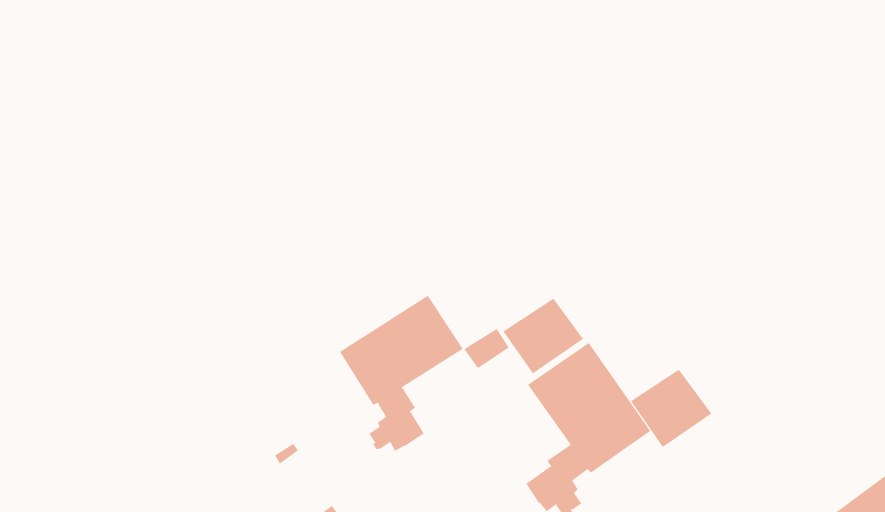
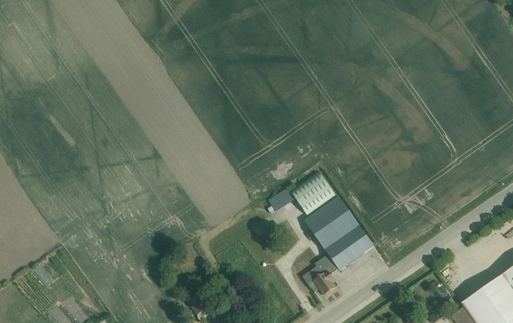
building: [339,295,463,452] -> none
building: [630,369,712,448] -> none

